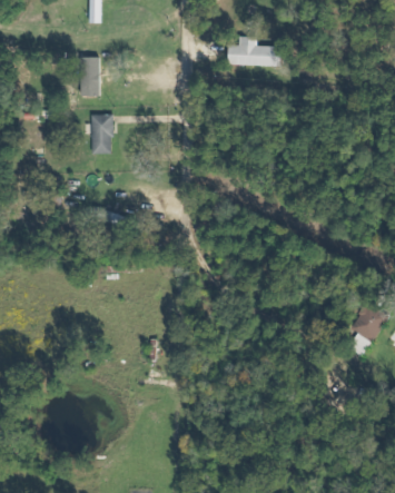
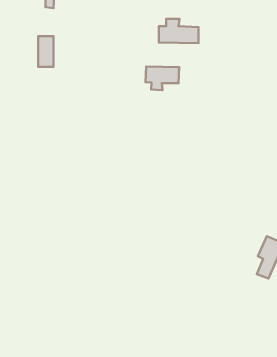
building: none -> [145,66,179,90]
building: [90,114,112,152] -> none

